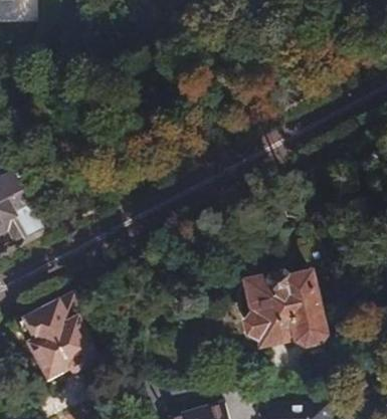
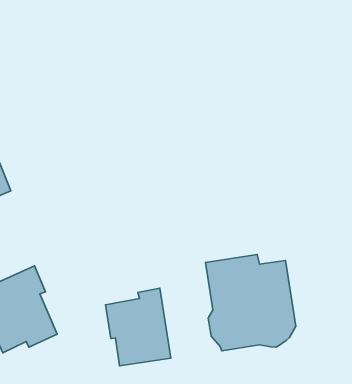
building: none -> [105,288,171,366]

